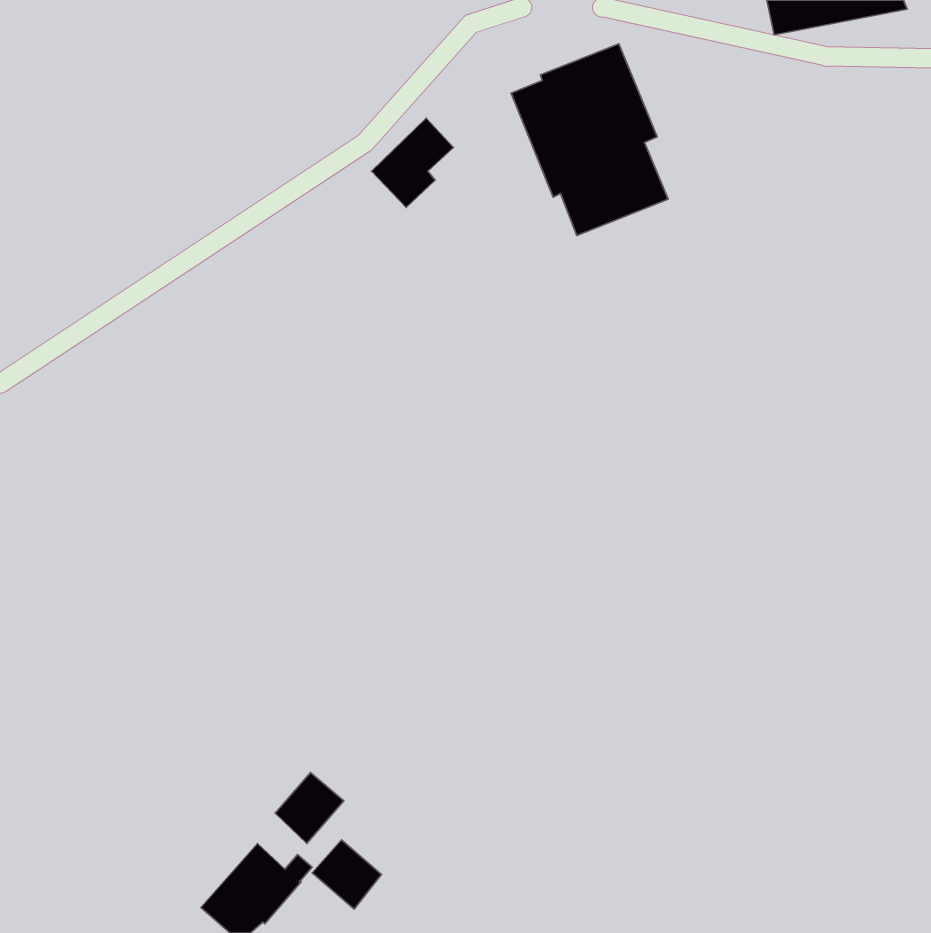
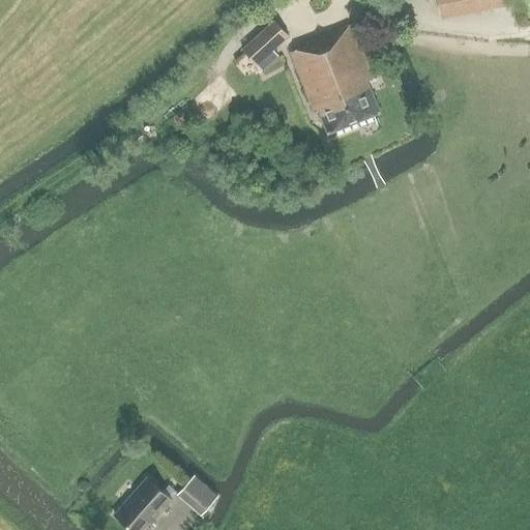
building: [371,118,454,208] -> [242,21,289,71]
building: [275,773,344,844] -> none

